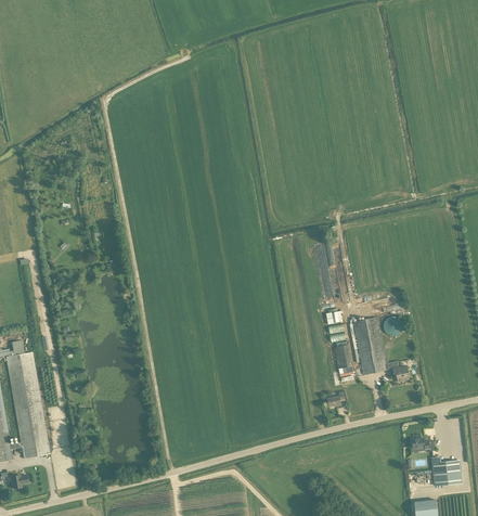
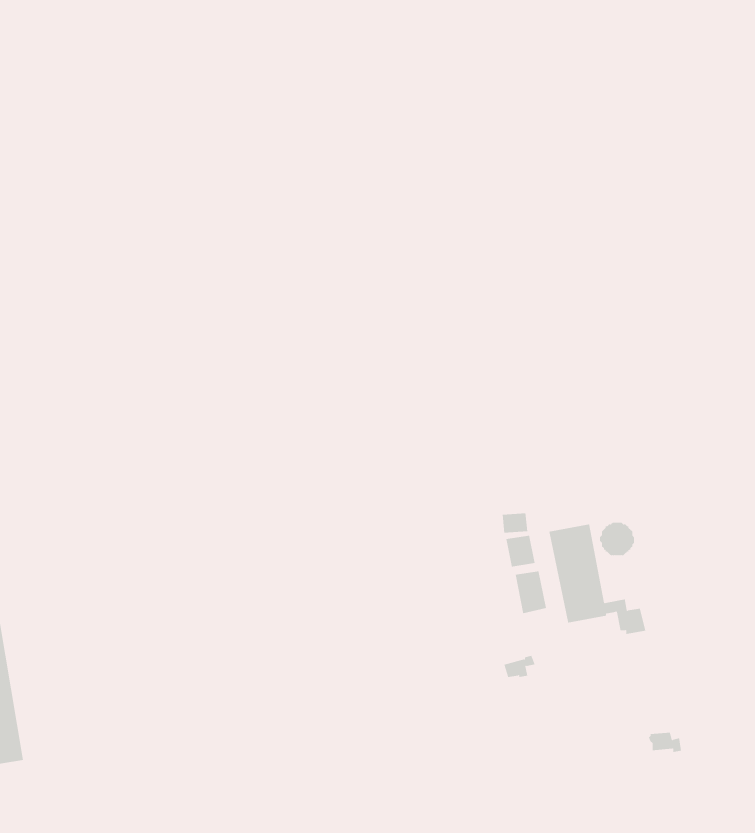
building: [431,456,461,485] -> none

